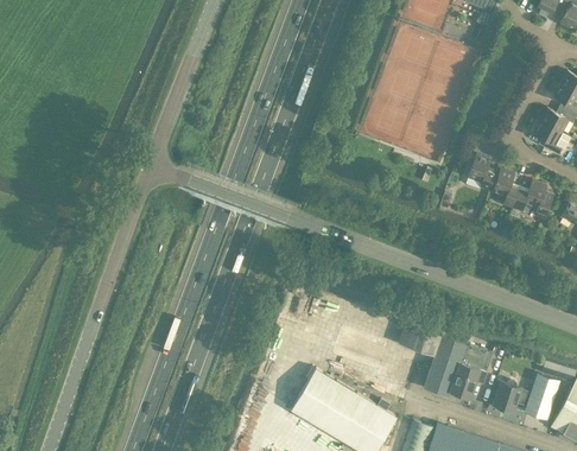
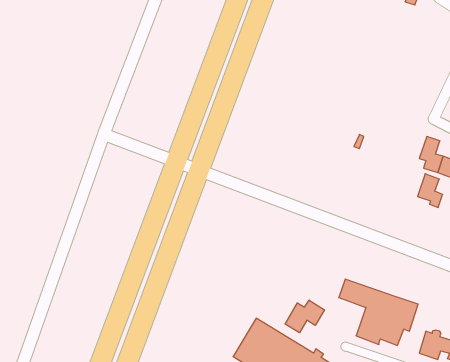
building: [469,154,496,191] -> [418,174,443,207]
building: none -> [285,300,324,333]

